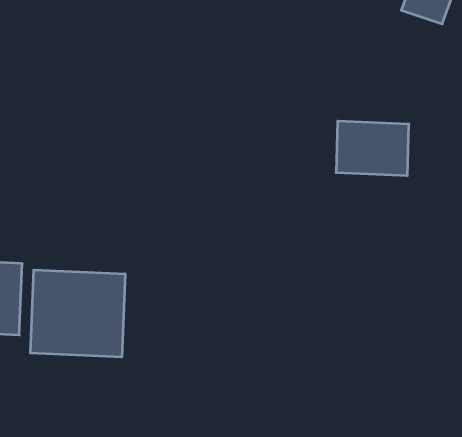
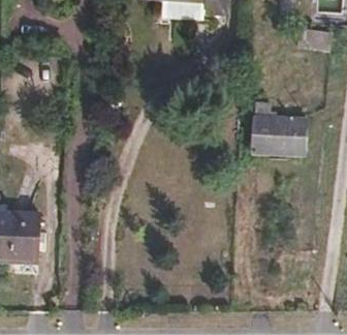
building: [30,270,125,357] -> none

